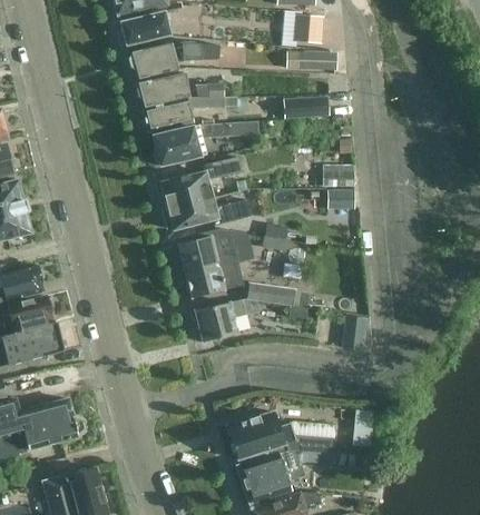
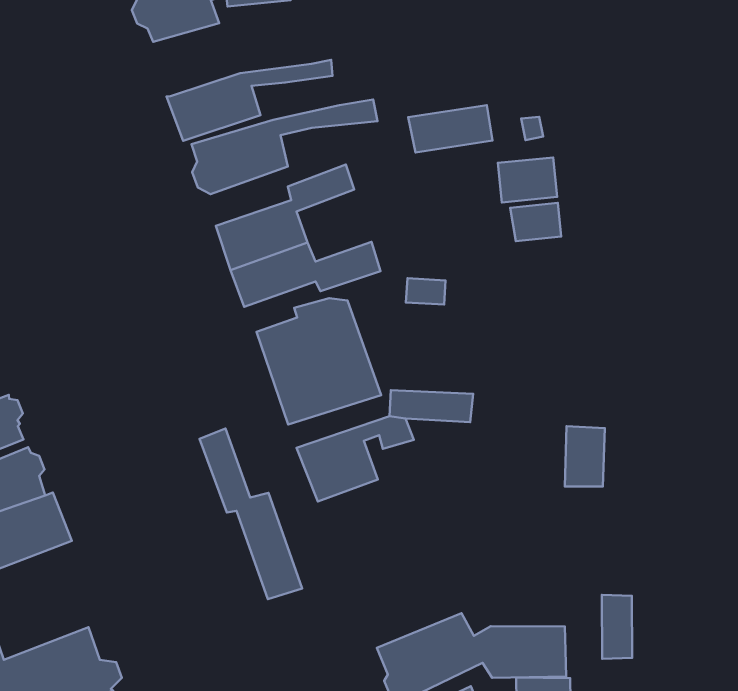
building: [137,73,225,108] -> none
building: [283,96,329,118] -> [408,105,493,152]
building: none -> [200,428,302,599]

